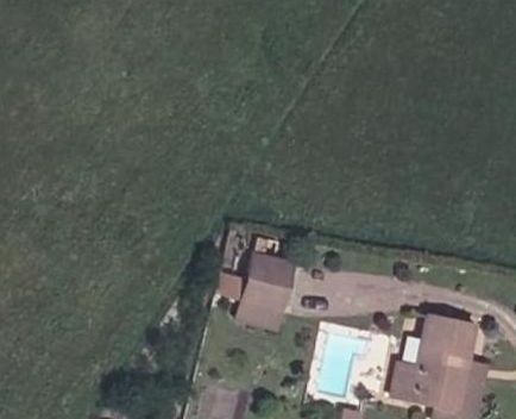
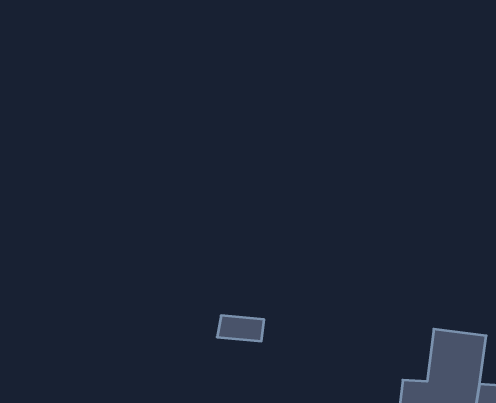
building: [240,264,283,311] -> none

